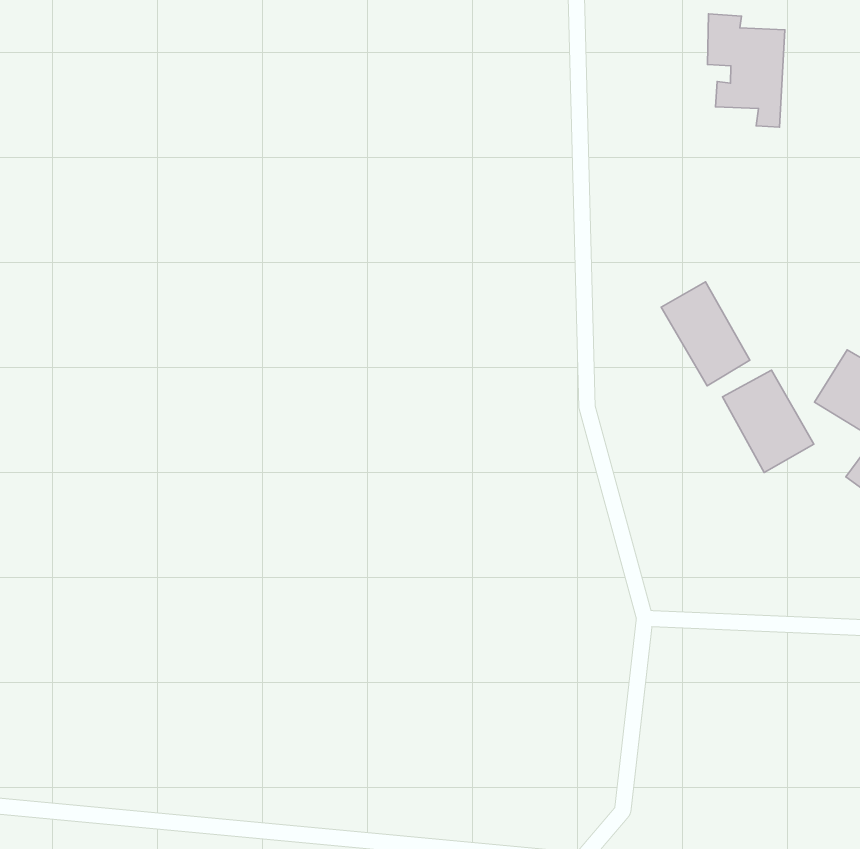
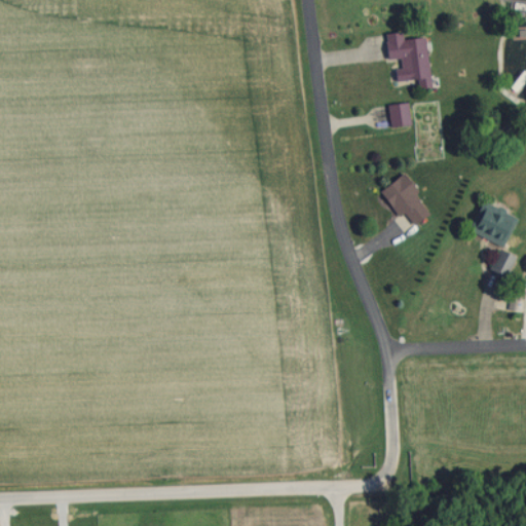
building: none -> [390,103,411,127]
building: [723,370,814,472] -> none

